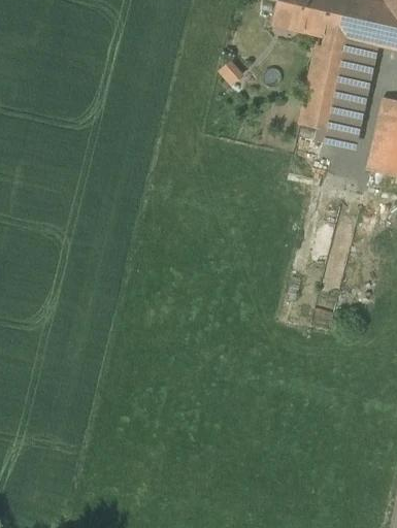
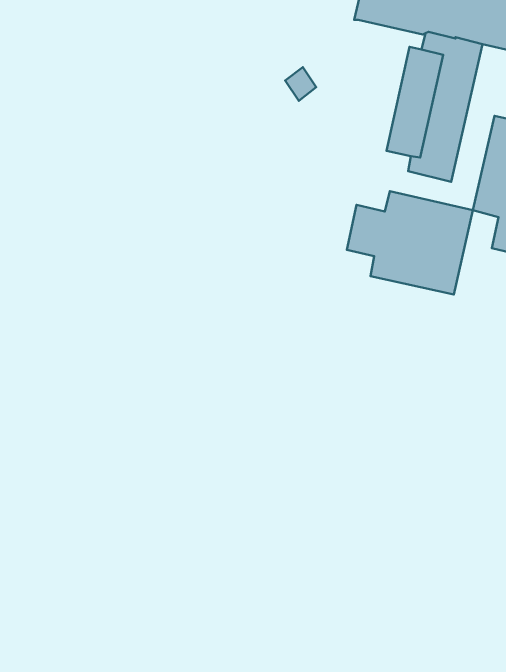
building: none -> [347,191,473,295]

